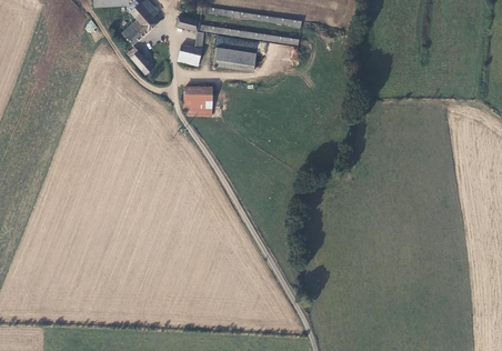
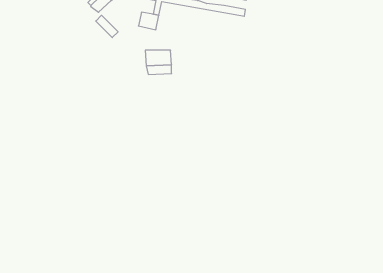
building: [215,47,257,73] -> none

